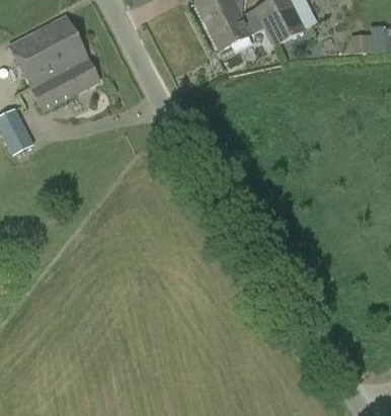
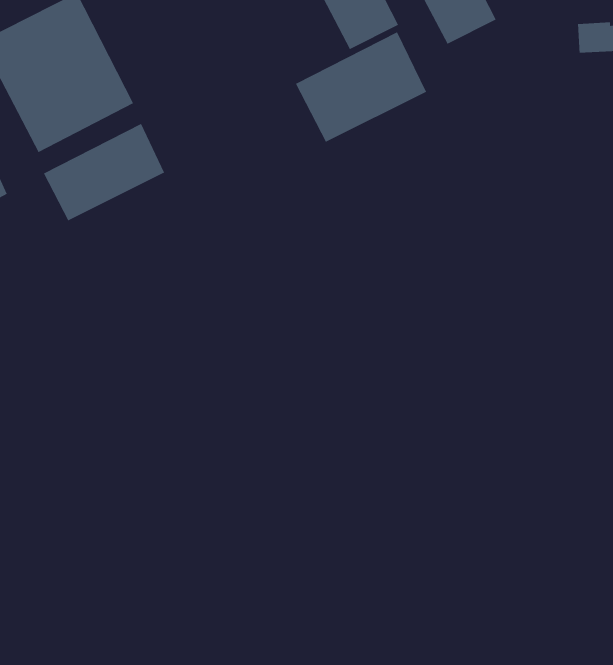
building: none -> [295,31,427,143]
building: none -> [43,123,165,221]

